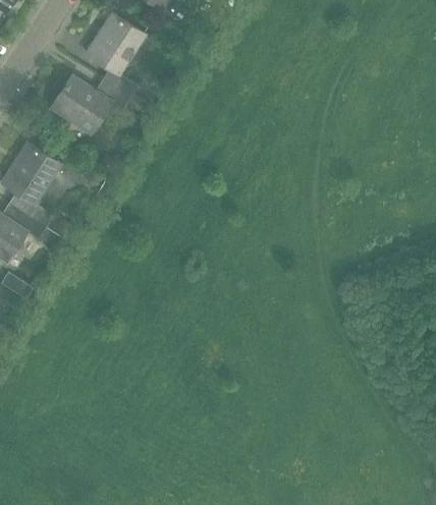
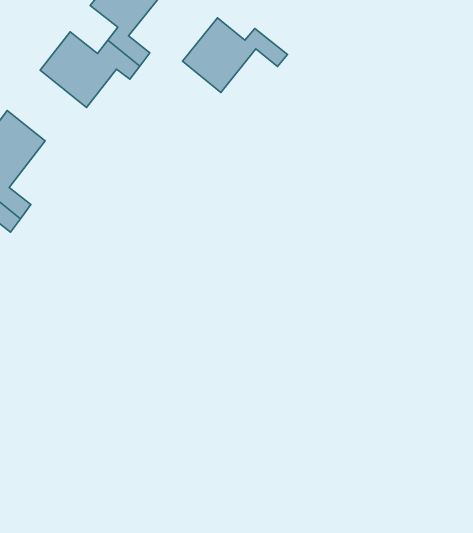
building: none -> [183,18,287,92]

